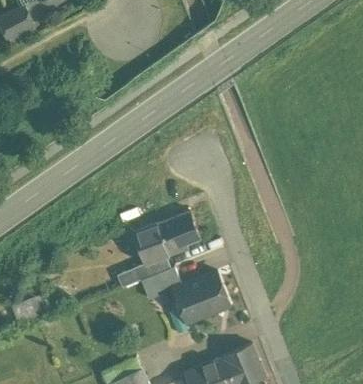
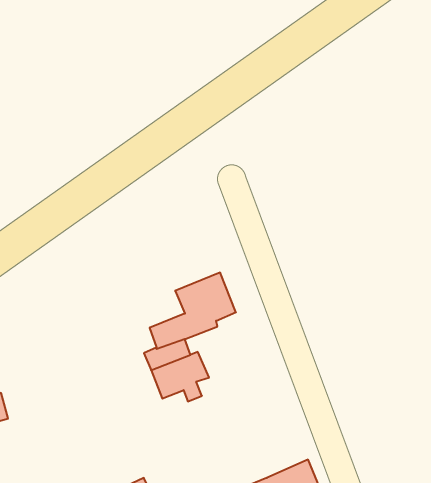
building: [173,272,230,323] -> none

